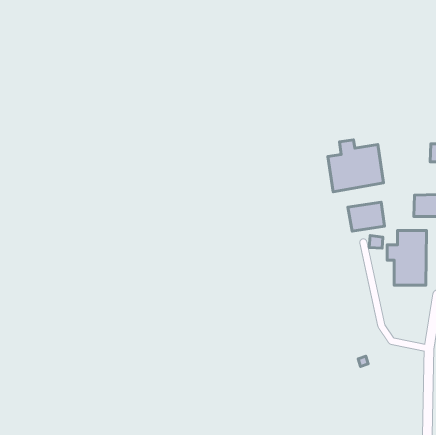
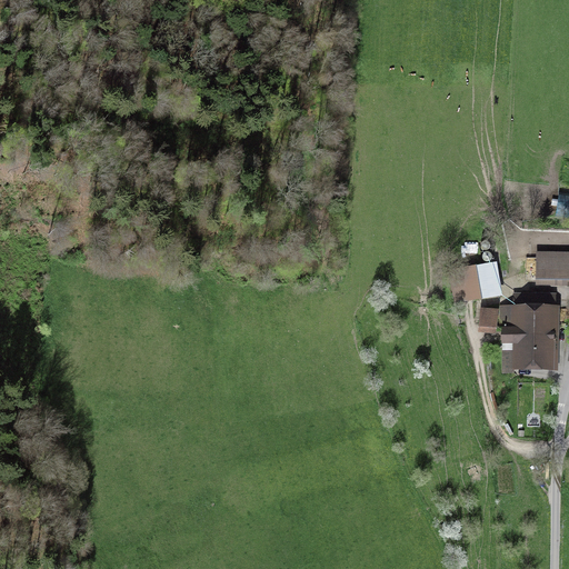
building: [328,140,384,192] -> none

